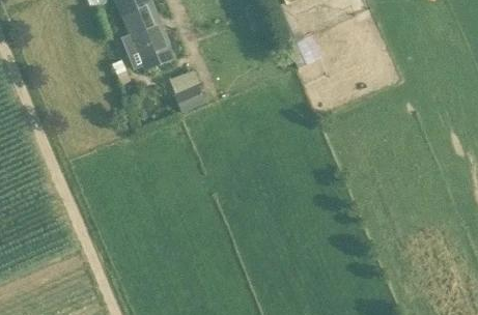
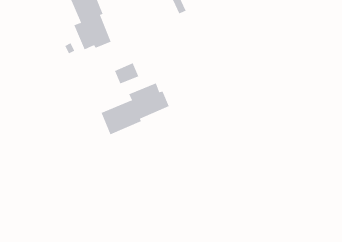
building: none -> [101,82,170,135]

